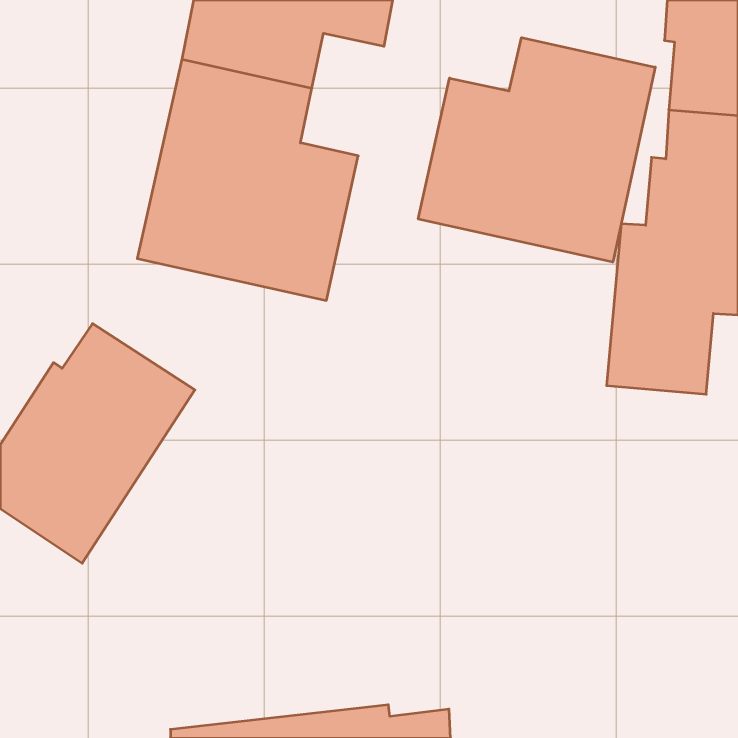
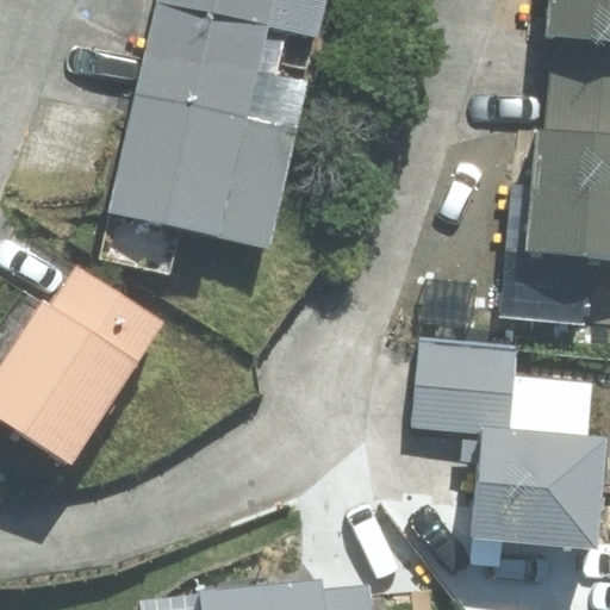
building: [418,38,655,262] -> none
building: none -> [418,343,604,546]

